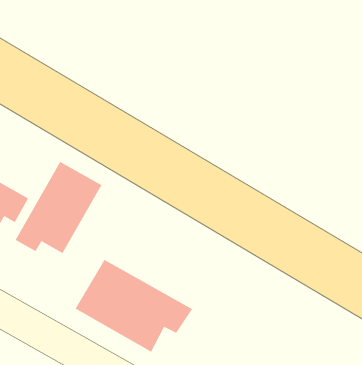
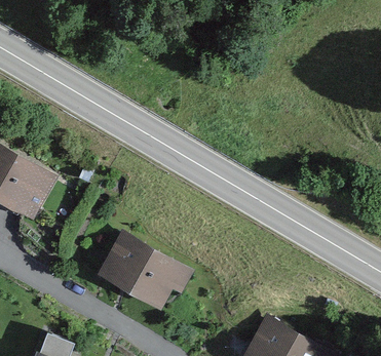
building: [15,161,102,254] -> none

